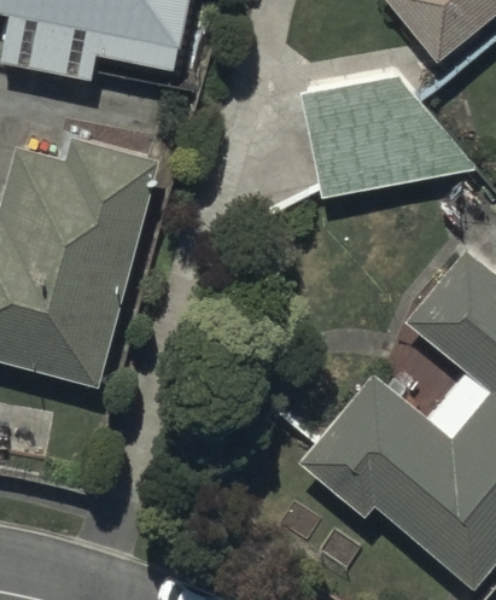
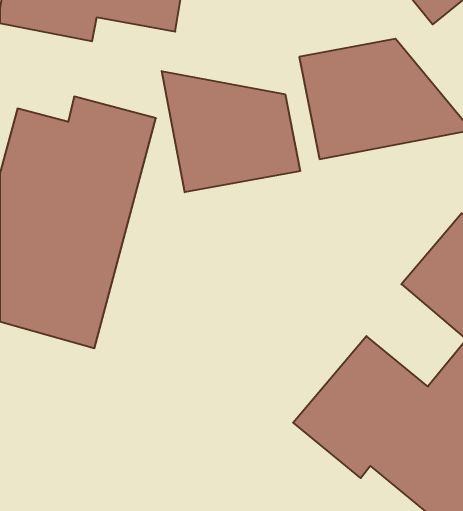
building: none -> [162,71,300,192]

